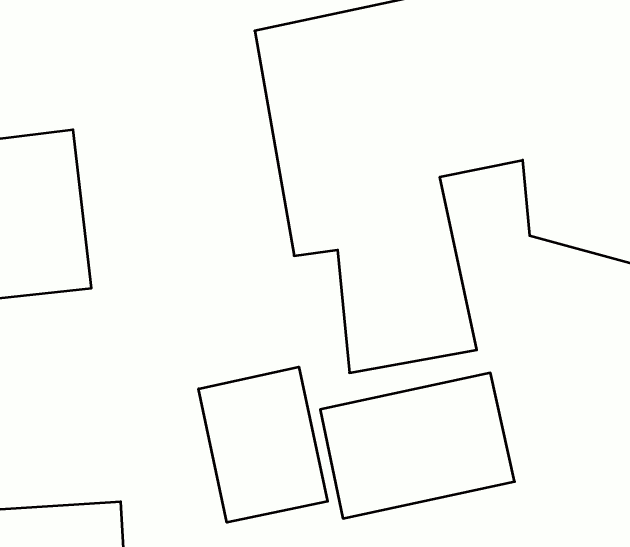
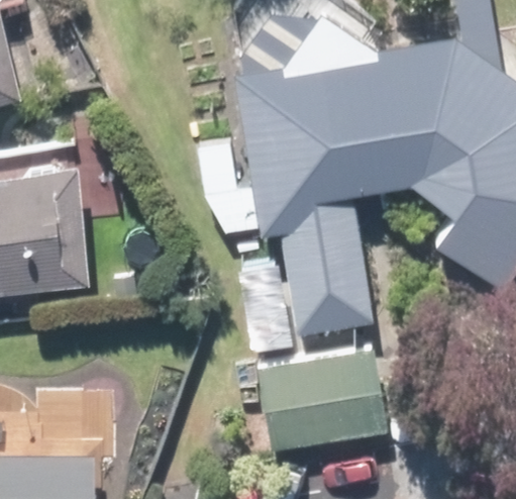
building: [199,367,328,522] -> none

